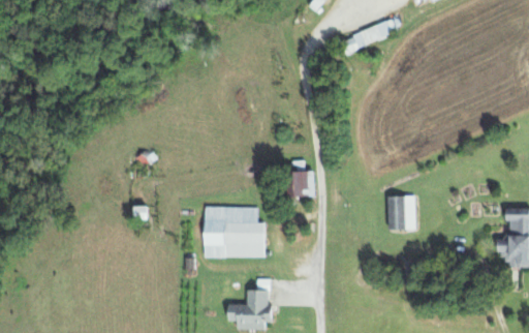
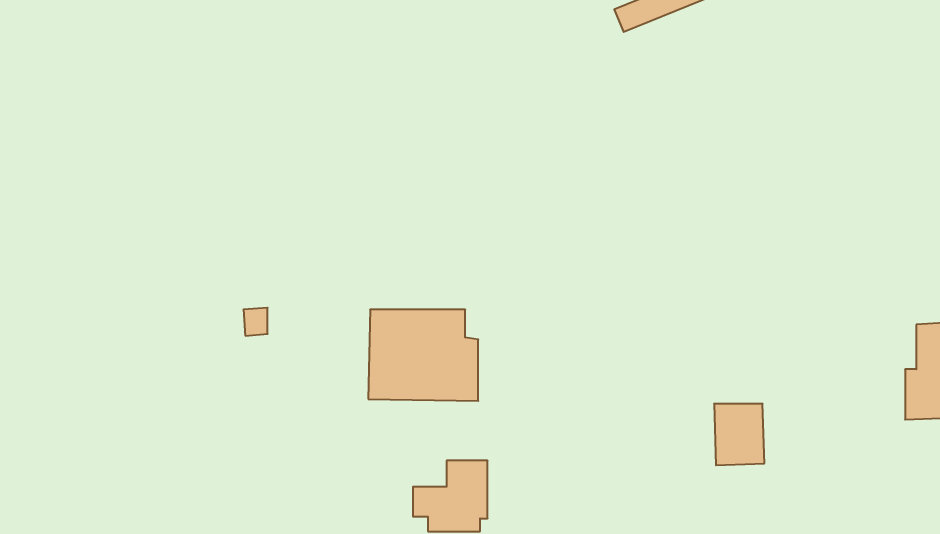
building: [290,172,315,199] -> none
building: [388,196,416,231] -> [714,404,764,465]

